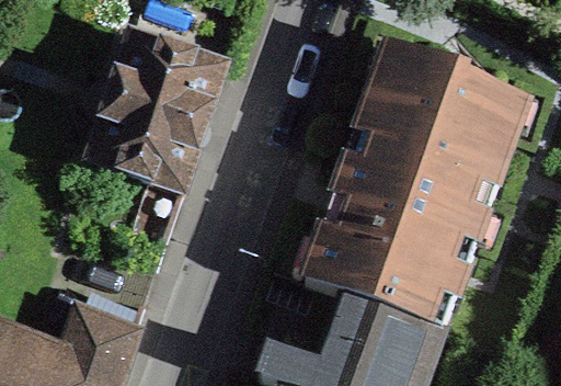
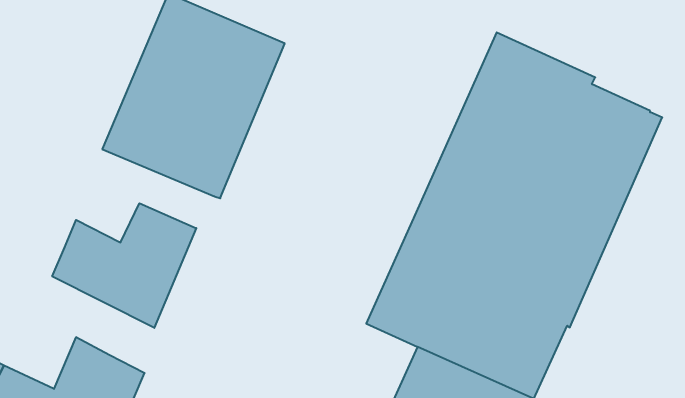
building: none -> [52,203,196,328]

